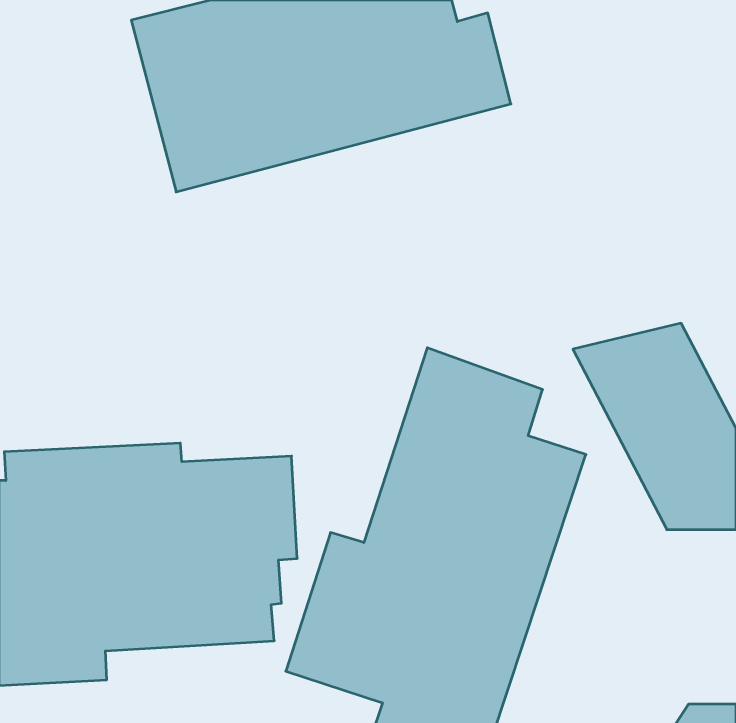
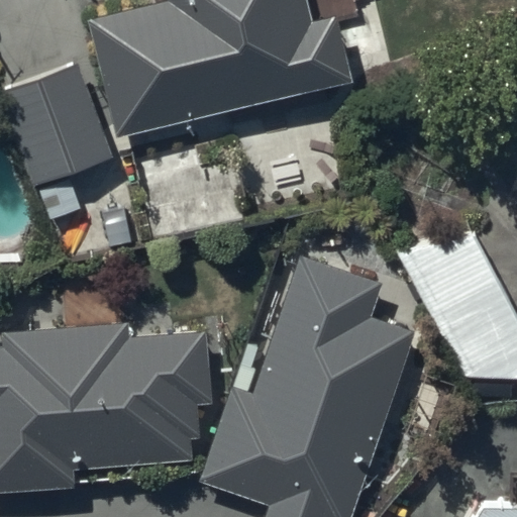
building: none -> [5,70,115,191]

